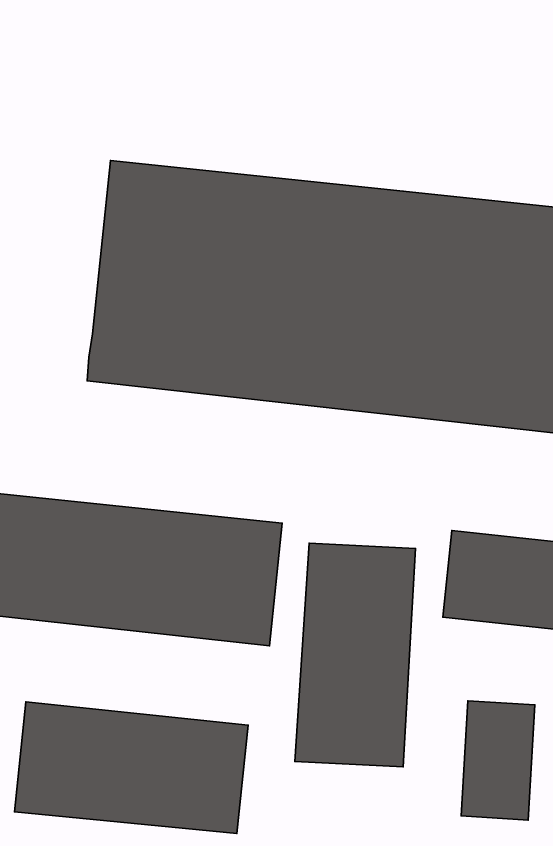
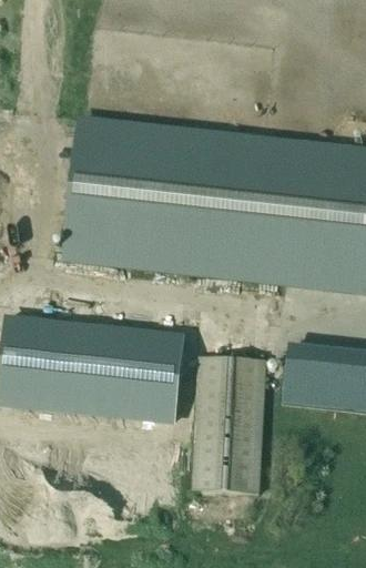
building: [461,701,535,820] -> none
building: [14,702,248,833] -> none

